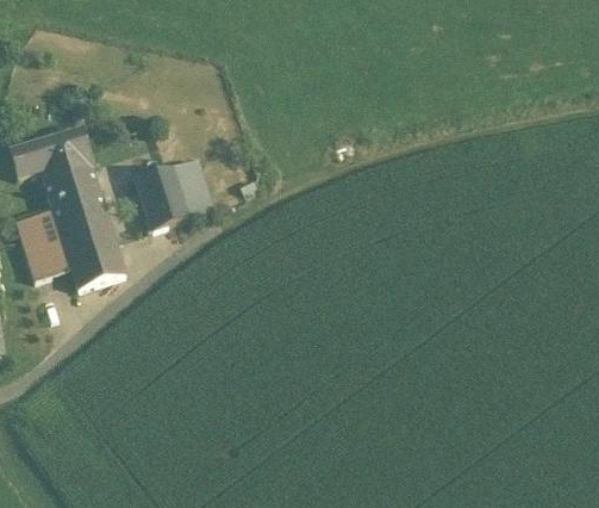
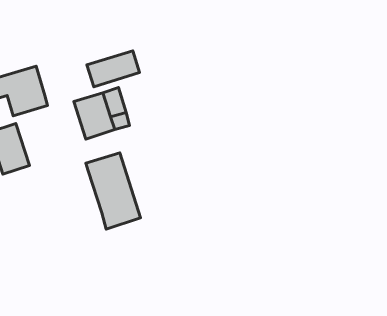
building: none -> [87,51,140,87]
building: [50,185,126,291] -> [86,153,140,229]

